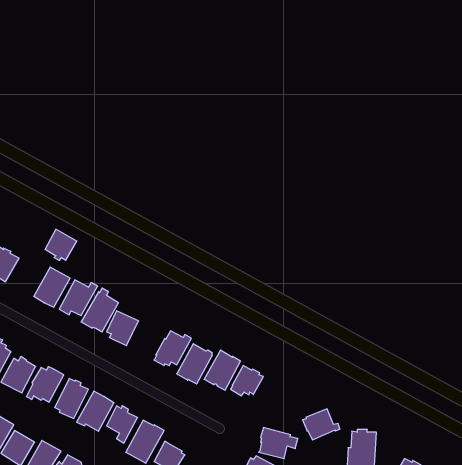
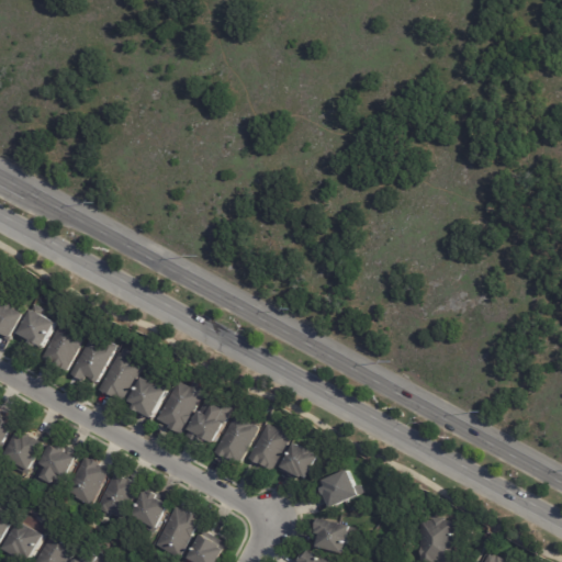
building: [45,229,77,260] -> [18,308,56,346]
building: none -> [158,381,205,434]
building: [302,409,340,440] -> [318,471,363,508]

